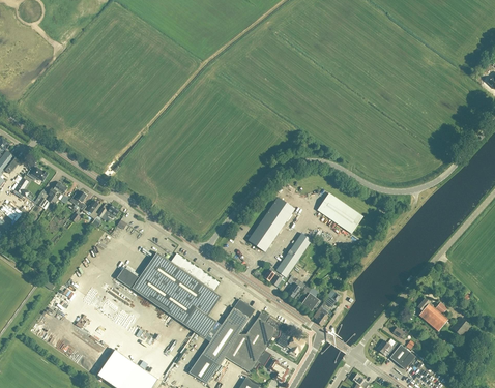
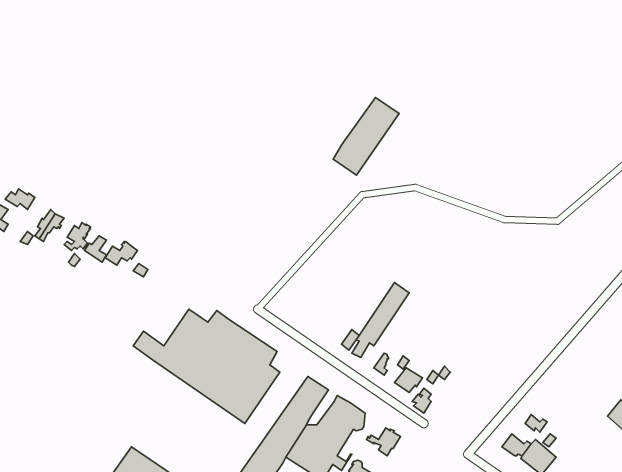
building: [317,192,362,233] -> none
building: [248,197,294,251] -> [333,97,399,175]
building: [417,298,447,330] -> none

